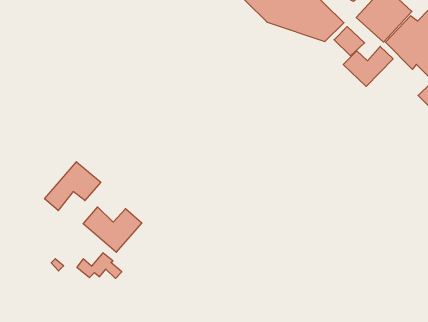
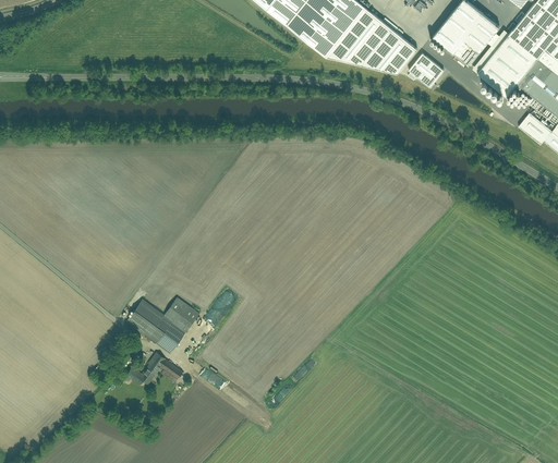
building: [343,46,393,86] -> none
building: [45,162,101,211] -> none

